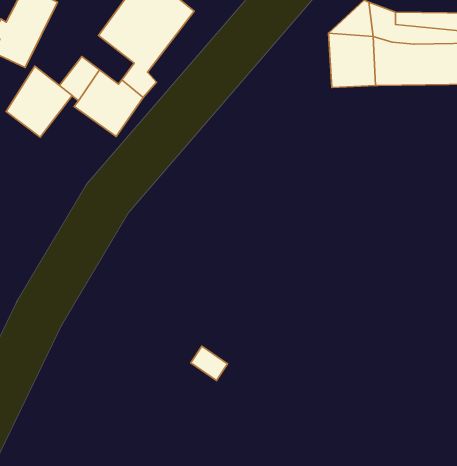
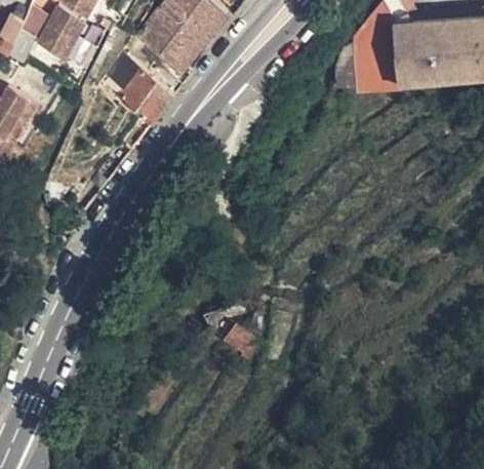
building: [6,66,72,137] -> none

